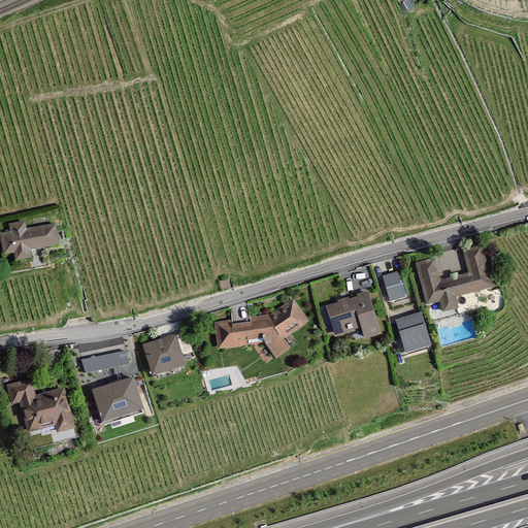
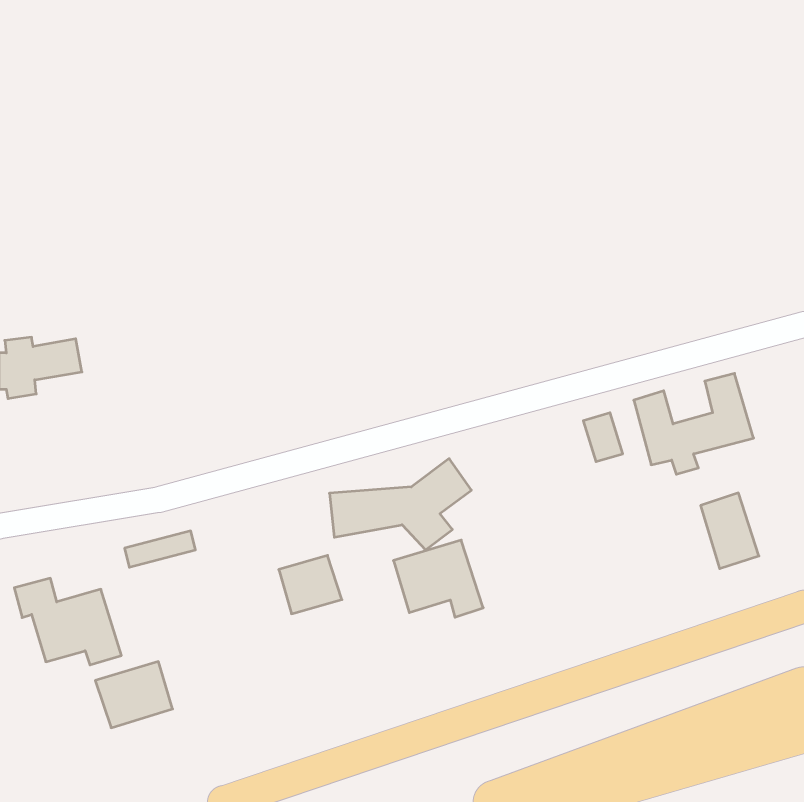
building: [327,294,386,344] -> [393,540,483,617]
building: [393,304,431,354] -> [701,493,759,569]
building: [142,333,184,371] -> [279,555,342,614]
building: [91,375,141,419] -> [95,662,173,728]

